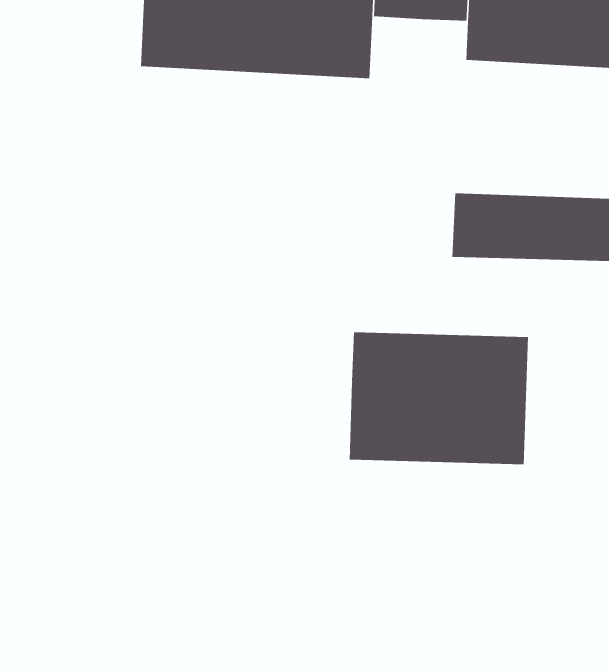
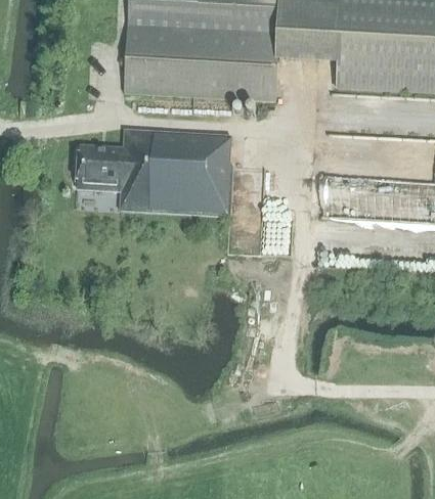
building: none -> [76,129,230,215]
building: [349,331,529,465] -> none

